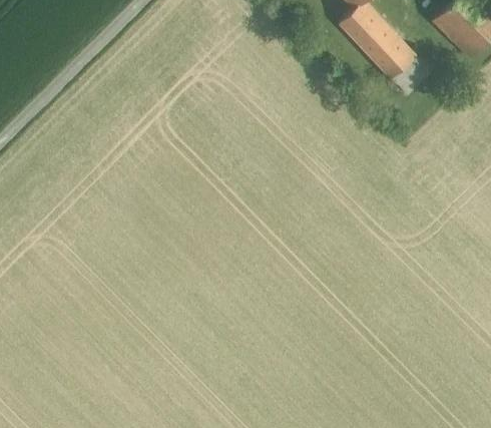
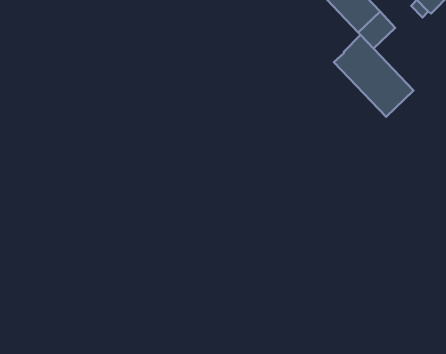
building: none -> [334,35,414,117]

